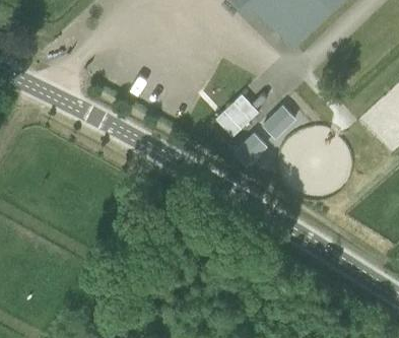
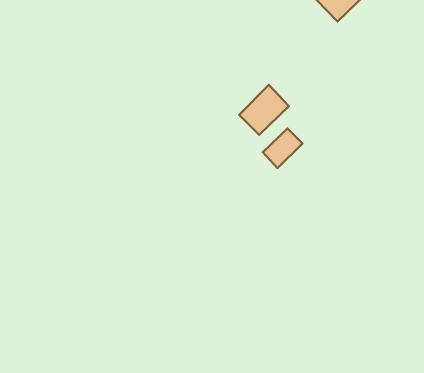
building: [262,104,294,136] -> none

